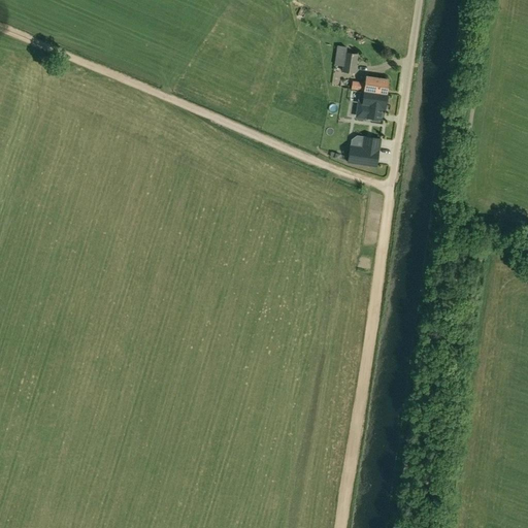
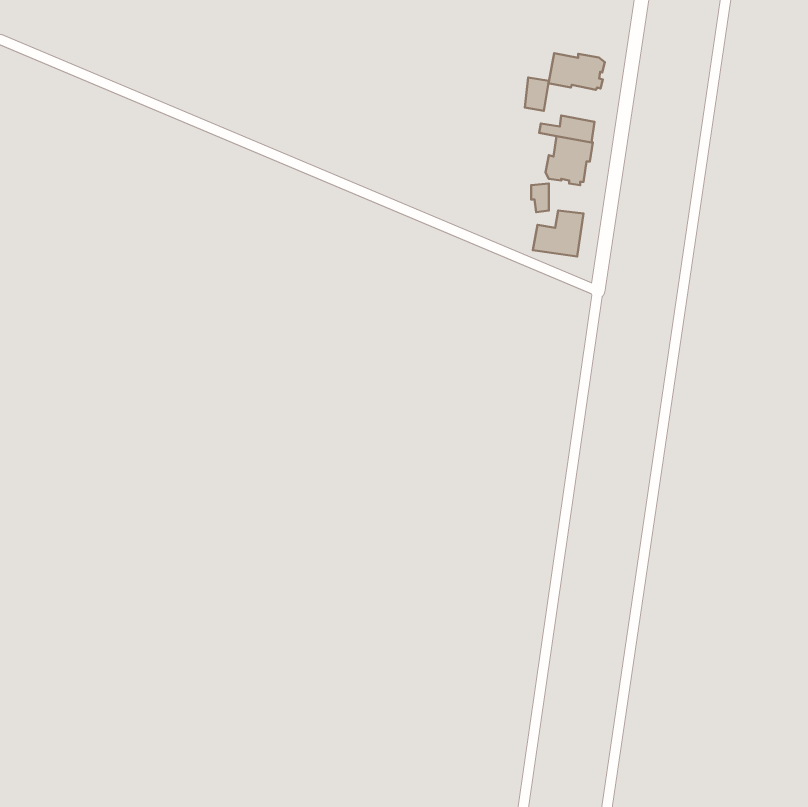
building: none -> [548,53,605,90]

